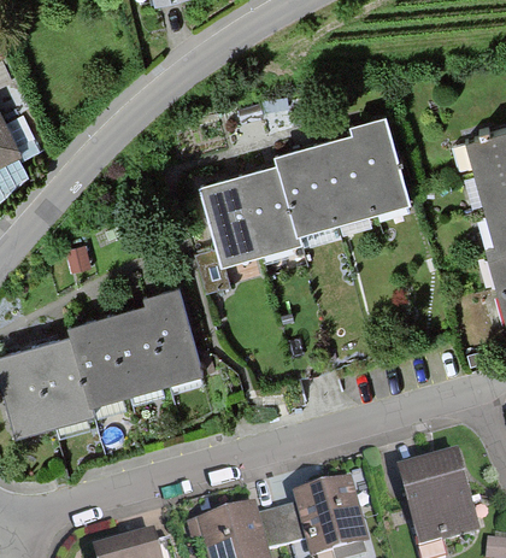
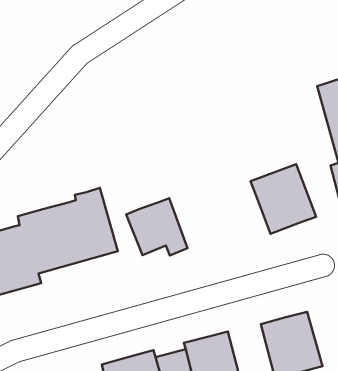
building: [202,116,411,268] -> none
building: none -> [251,164,316,234]
building: none -> [126,198,188,256]

